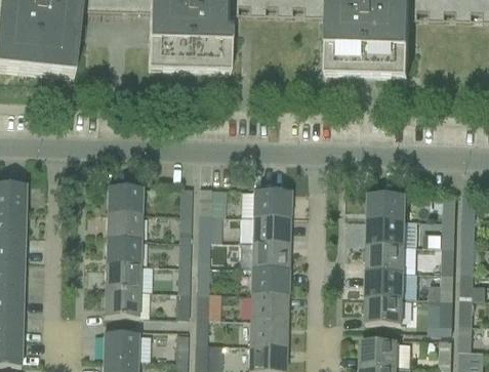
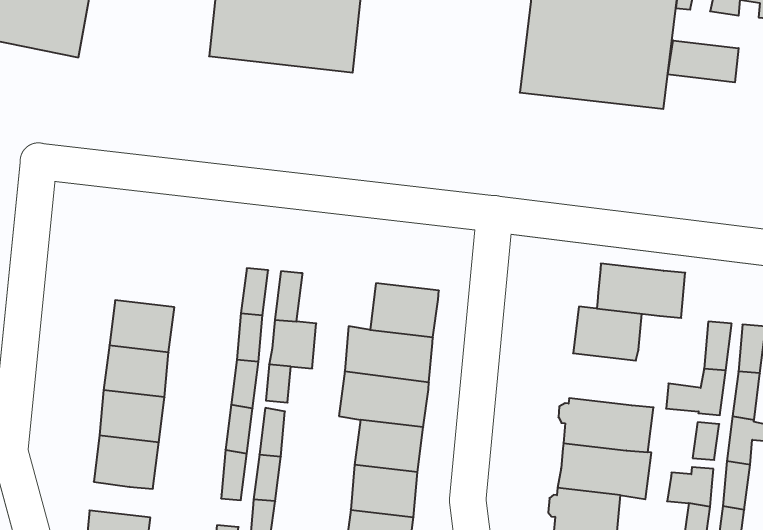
building: none -> [668,40,739,82]
building: [108,184,142,212] -> none
building: [369,218,417,245] -> [597,264,685,318]

